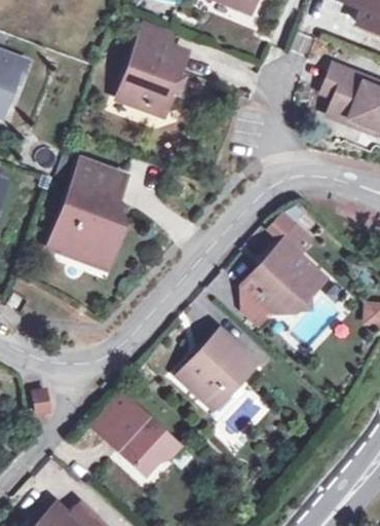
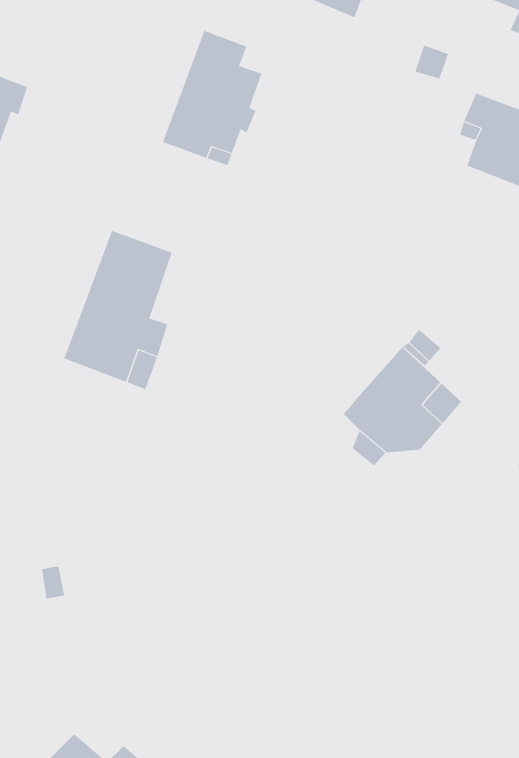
building: [177,328,256,404] -> none
building: [93,393,180,475] -> none

